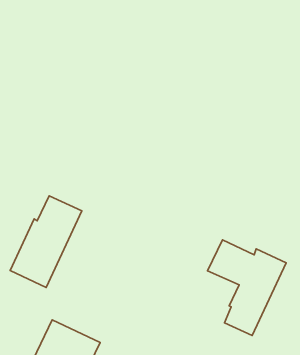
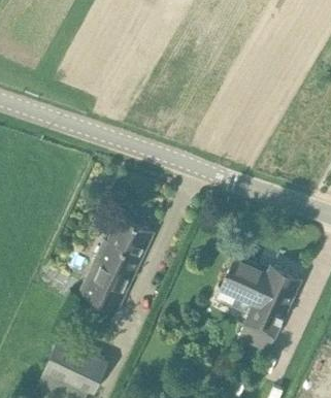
building: [10,196,82,288] -> [79,217,154,311]

